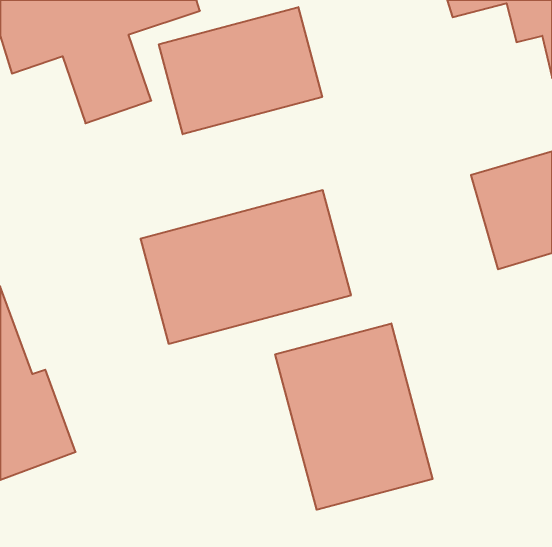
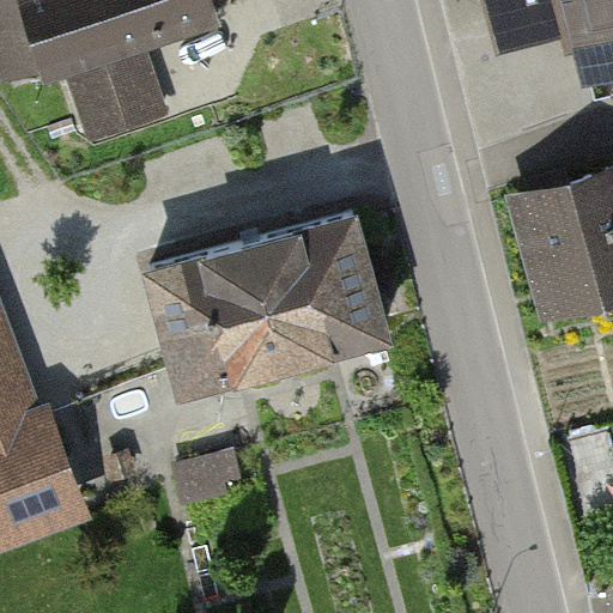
building: [159,7,322,134] -> none
building: [275,323,433,510] -> none

